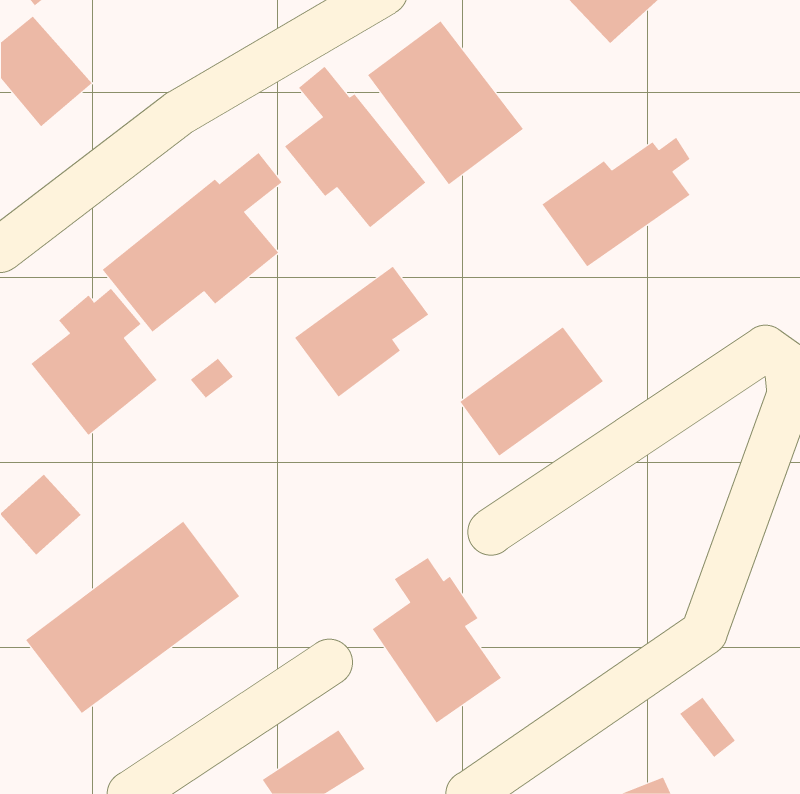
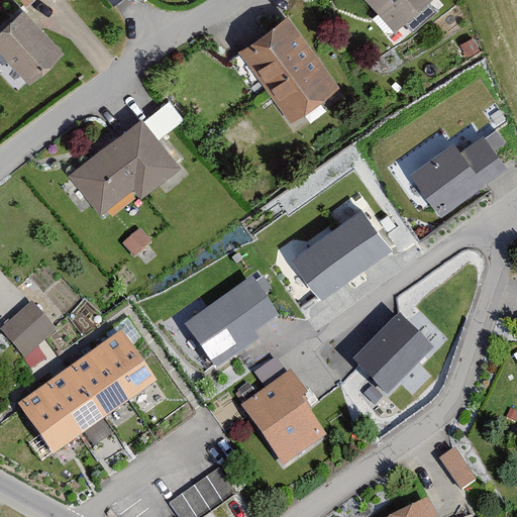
building: [284,66,426,228] -> none
building: [541,137,690,267] -> [410,126,506,210]
building: [294,266,429,398] -> [189,284,276,369]
building: [31,288,158,436] -> none
building: none -> [351,317,431,397]

